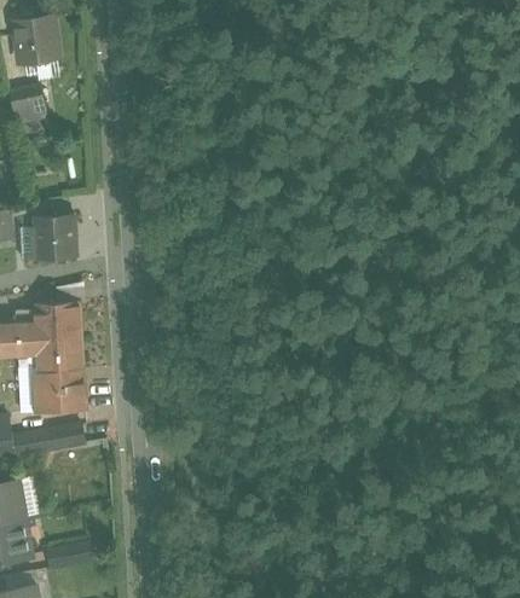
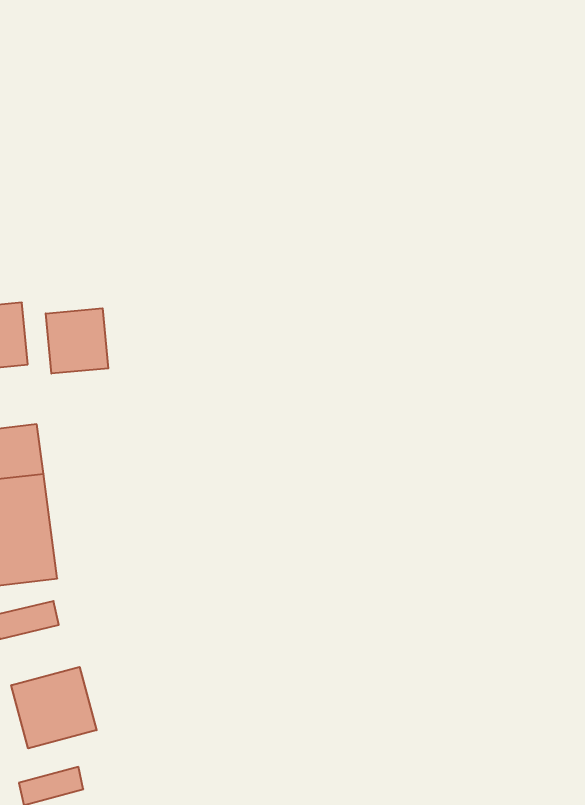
building: none -> [46,308,108,374]
building: none -> [11,667,97,748]

